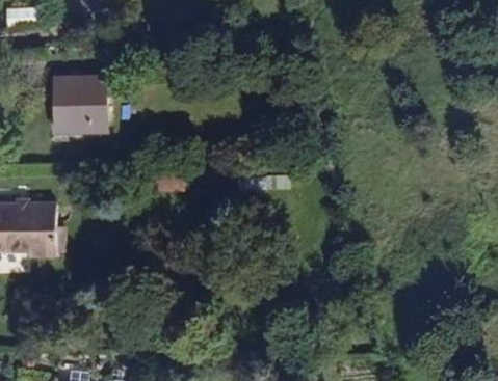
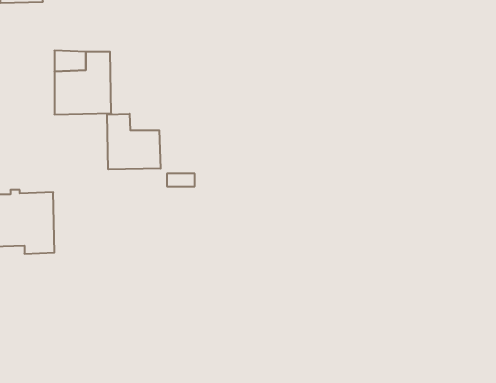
building: none -> [107,114,161,169]

